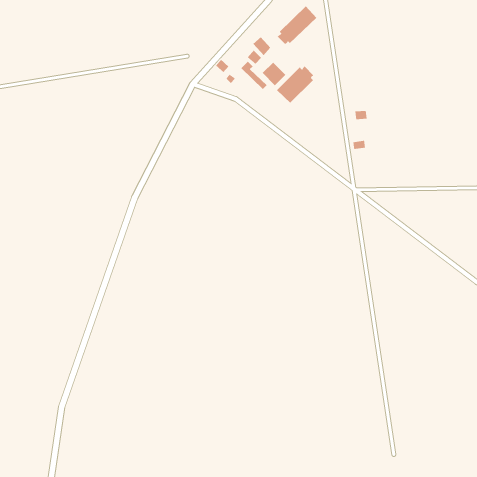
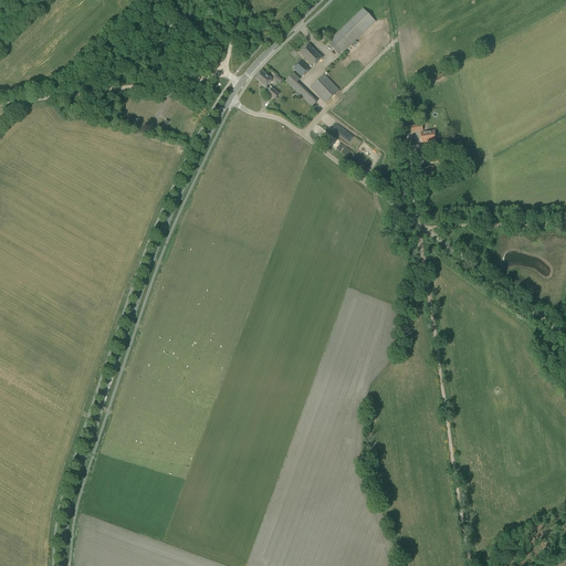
building: [276,65,314,104] -> none

